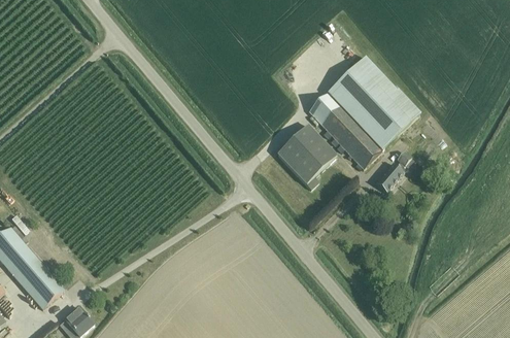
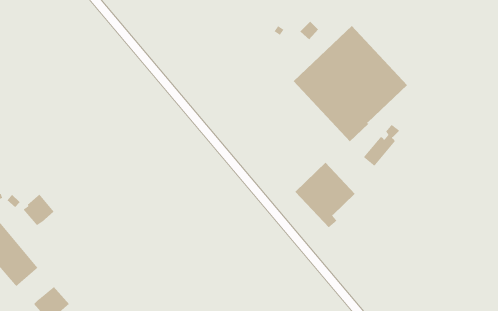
building: [276,124,335,188] -> [294,162,356,228]
building: none -> [22,194,55,226]

